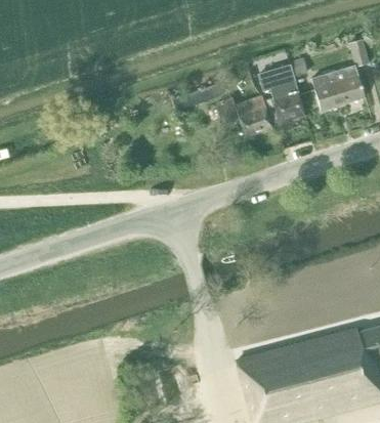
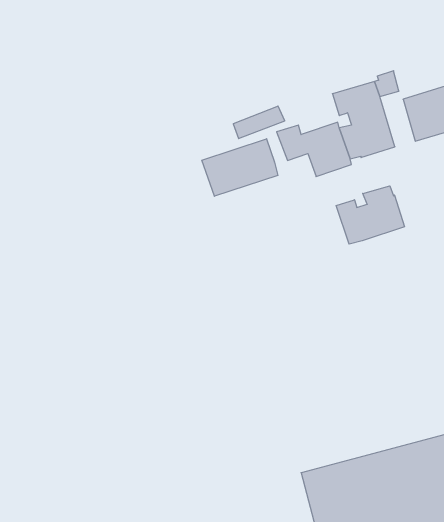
building: none -> [202,139,278,196]
building: none -> [336,186,404,244]

